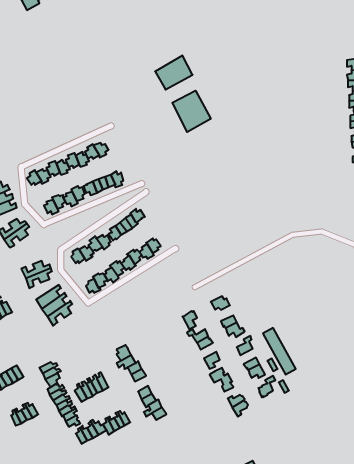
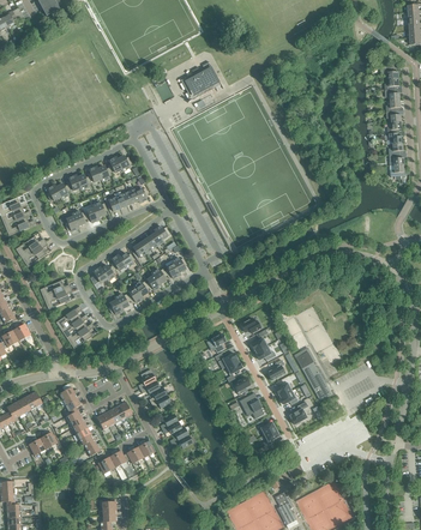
building: [172,91,211,132] -> none

